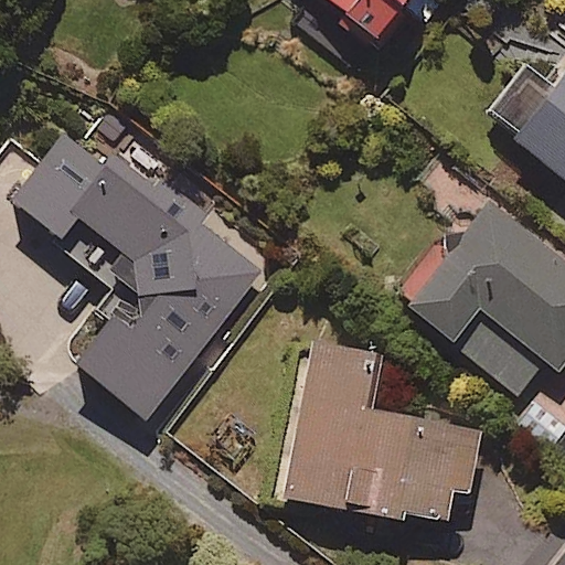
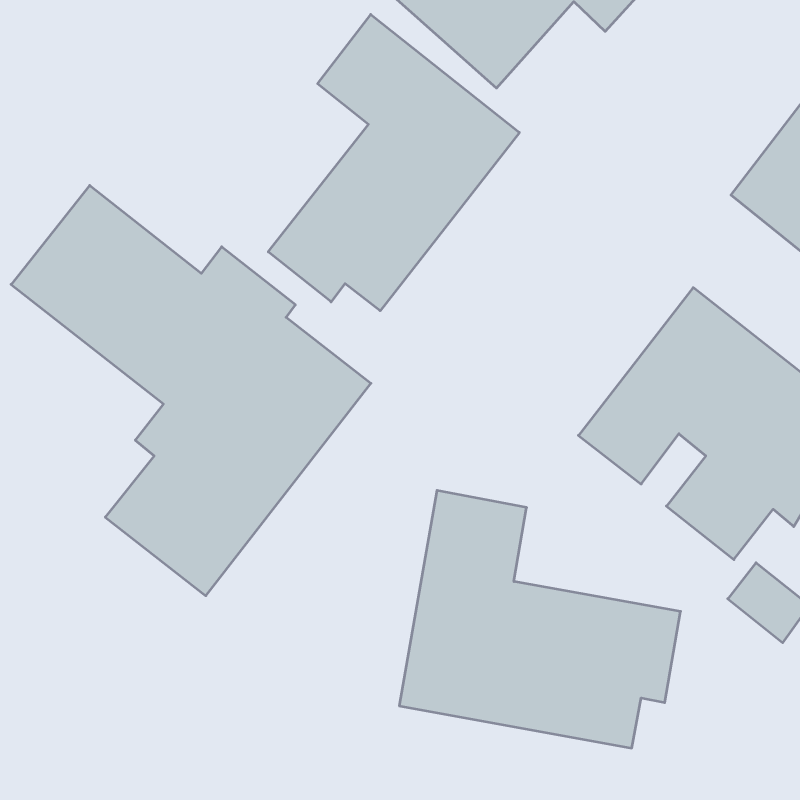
building: none -> [268,14,519,311]

